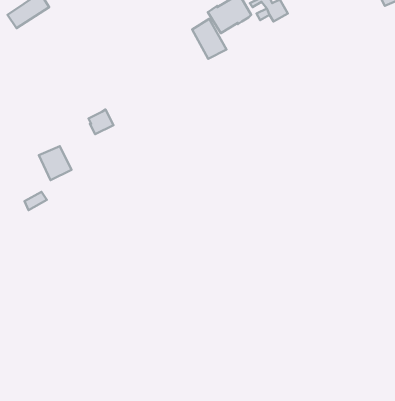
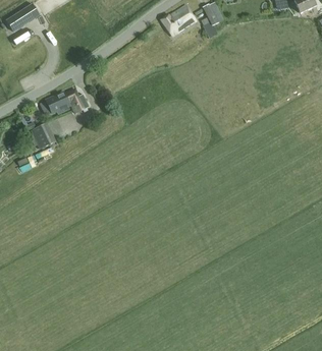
building: [192,19,226,59] -> none
building: none -> [46,89,78,114]

